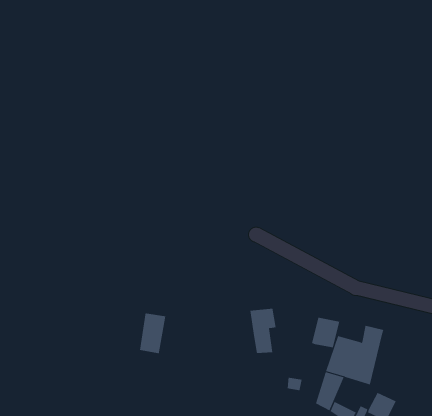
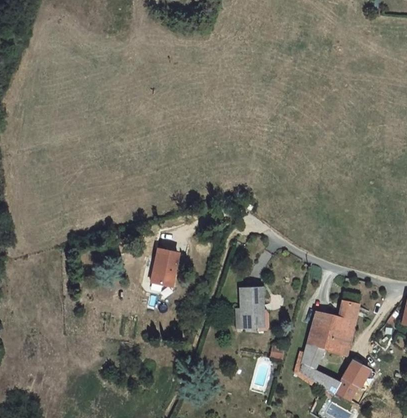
building: [139,313,166,354] -> [152,251,176,287]
building: [312,317,340,348] -> none

